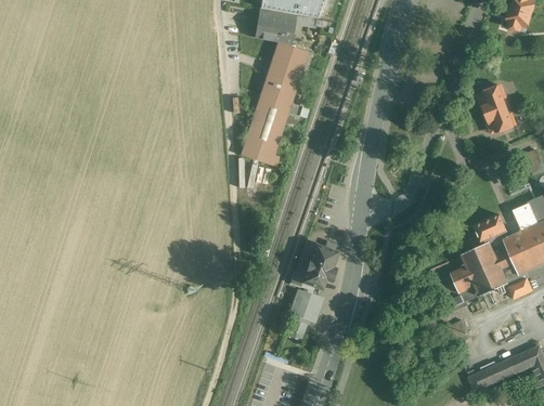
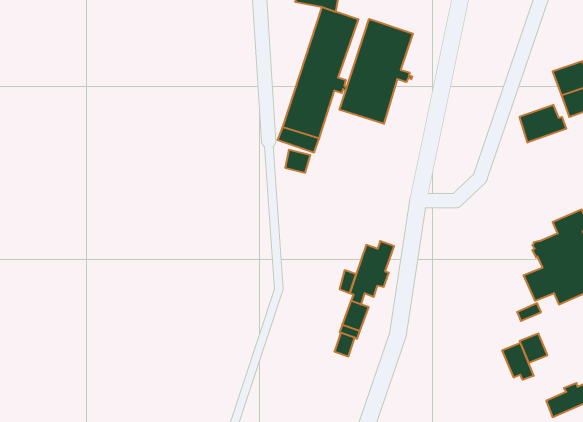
building: none -> [340,19,413,124]
building: none -> [520,105,566,143]
building: none -> [502,343,534,380]

